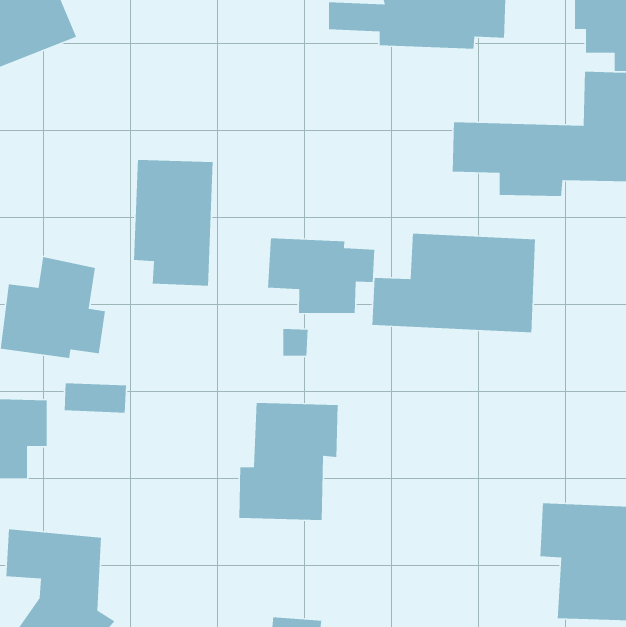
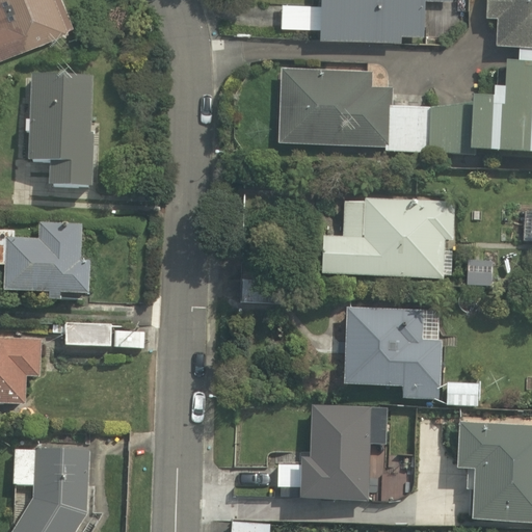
building: none -> [281,69,383,145]
building: [133,159,214,287] -> [28,76,96,183]
building: [267,237,375,314] -> none
building: none -> [348,307,479,411]
building: [238,402,339,521] -> [295,403,379,503]

